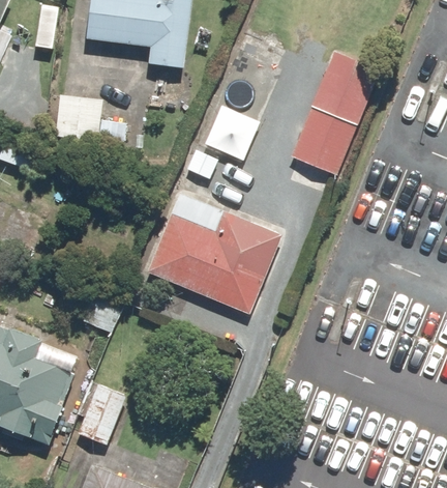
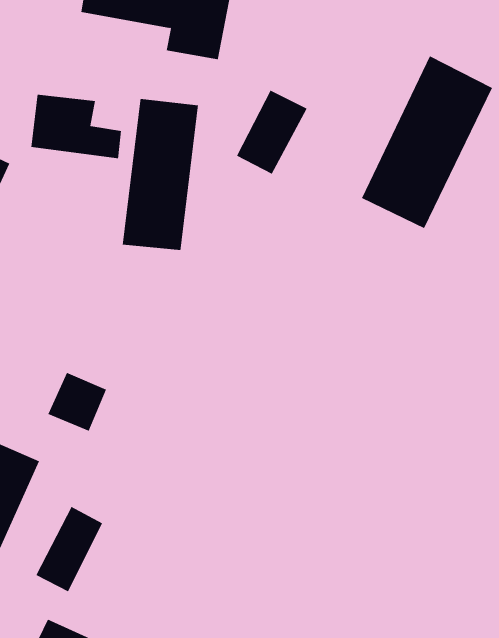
building: none -> [122,98,198,251]
building: [149,213,280,313] -> none

